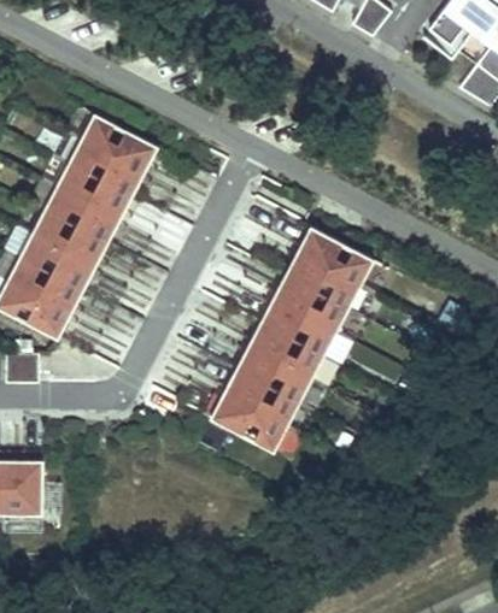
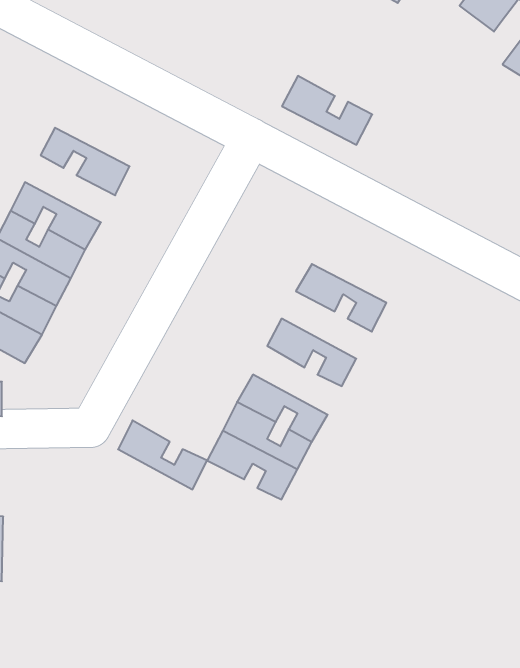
building: [82,113,158,171] -> none
building: [57,161,133,218] -> none
building: [298,228,374,285] -> [282,76,372,145]
building: [273,276,348,332] -> none
building: [248,322,323,379] -> [118,420,207,489]

